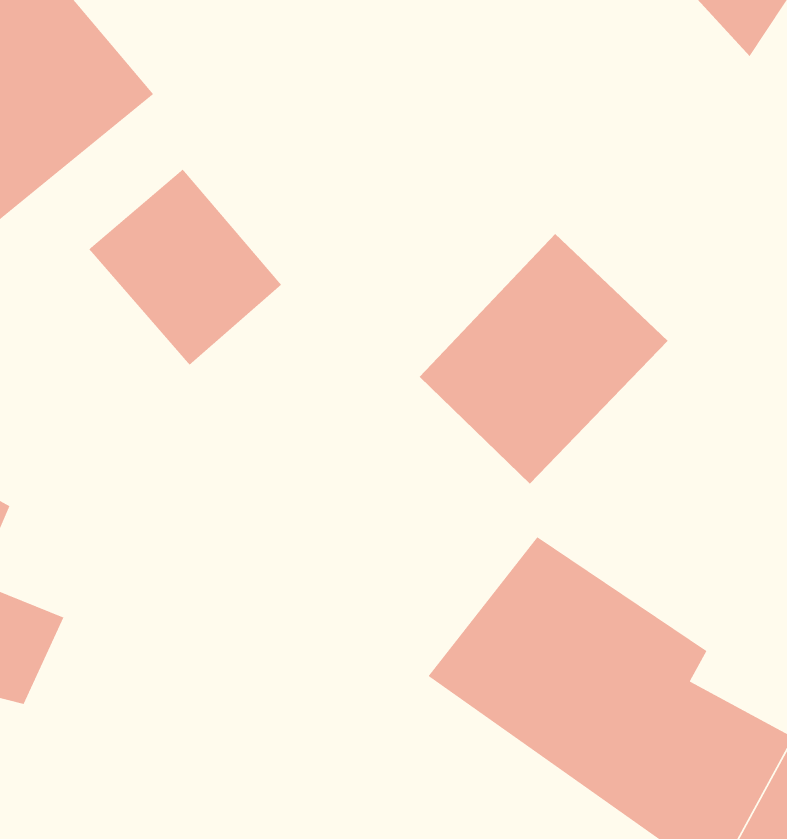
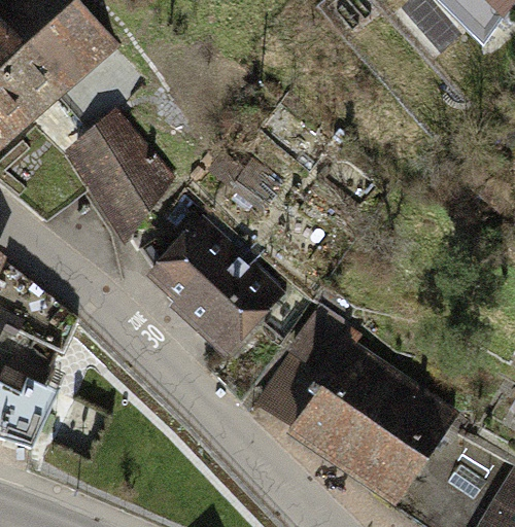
building: [419,233,669,484] -> none
building: none -> [146,216,279,349]

